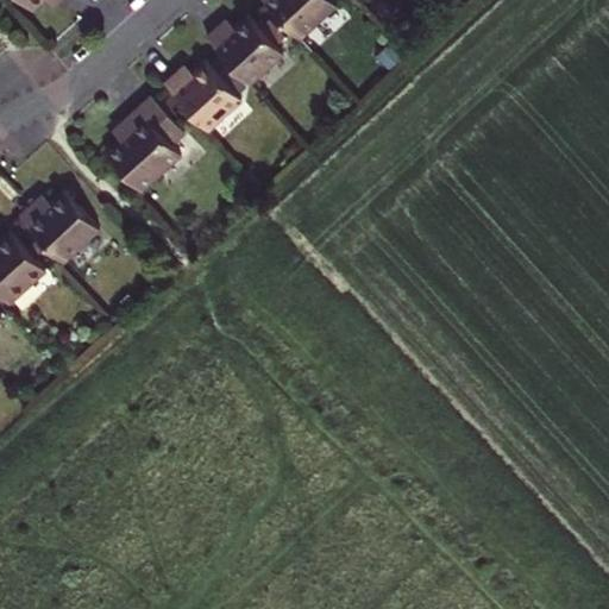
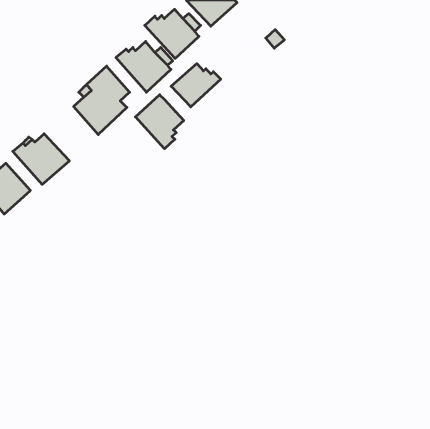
building: none -> [171,64,221,107]
building: none -> [135,95,184,149]

